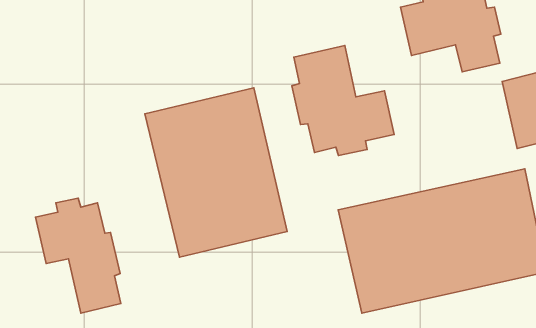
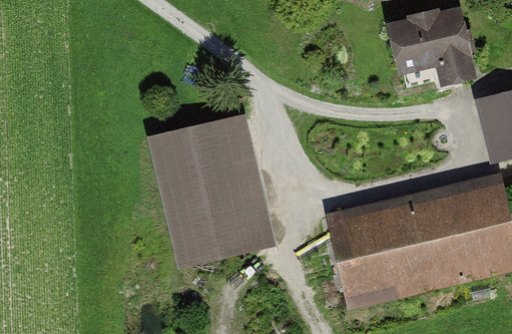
building: [292,45,394,156] -> none
building: [35,198,121,313] -> none

